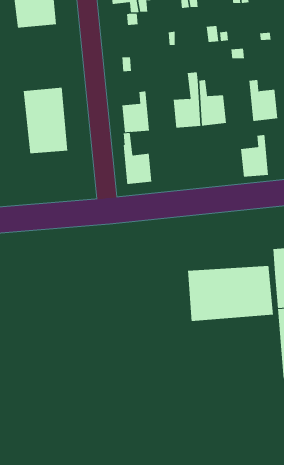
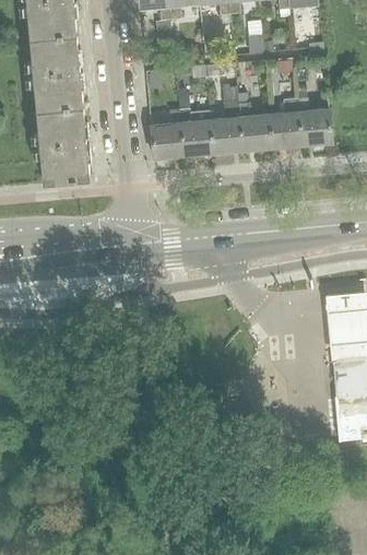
building: none -> [31,34,83,110]
building: [123,132,152,185] -> [179,96,213,156]
building: [240,134,269,177] -> [269,98,301,147]
building: [187,265,274,322] -> none

